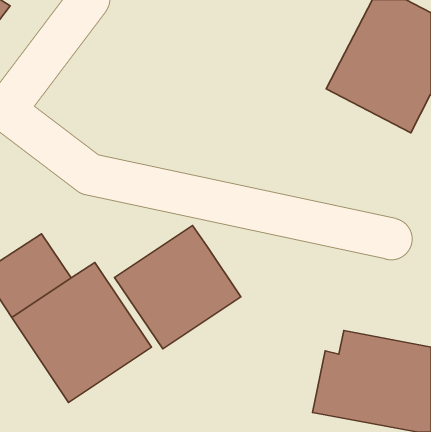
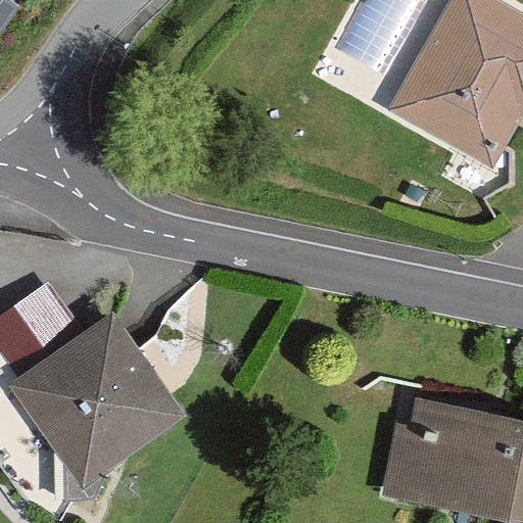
building: [115,225,241,349] -> none

